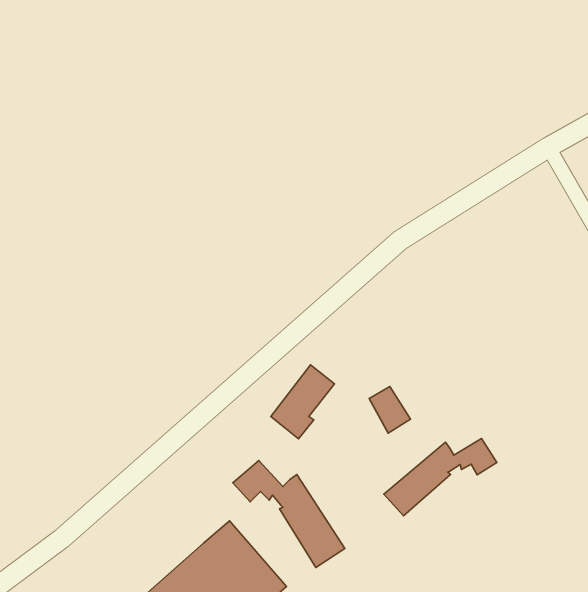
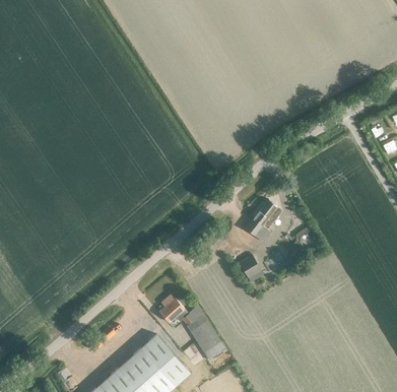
building: [271,365,335,439] -> [246,199,283,243]
building: [384,439,497,516] -> none

